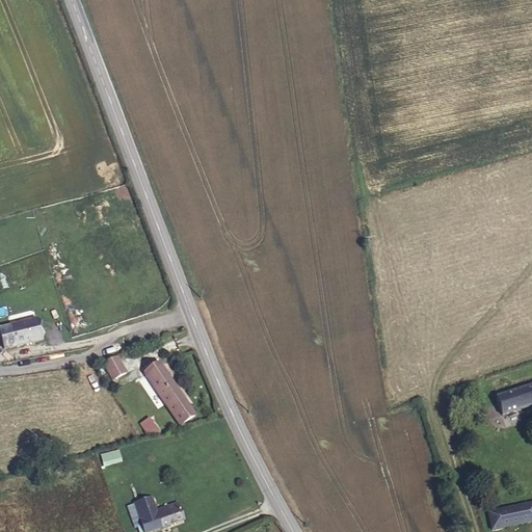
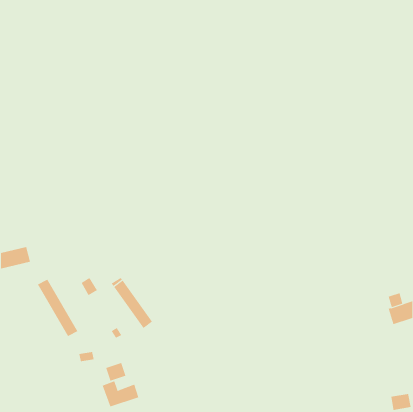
building: none -> [37,279,78,337]
building: none -> [106,362,126,381]

